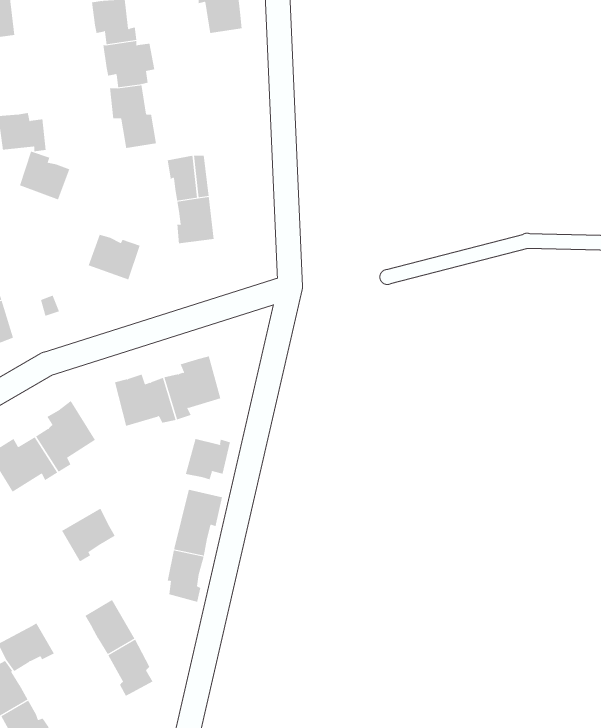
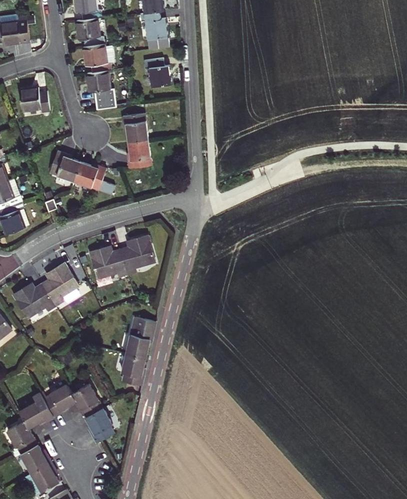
building: none -> [144,58,171,88]
building: [19,151,70,200] -> [49,151,80,181]
building: [185,438,231,480] -> none
building: [61,508,116,562] -> [42,384,75,417]

